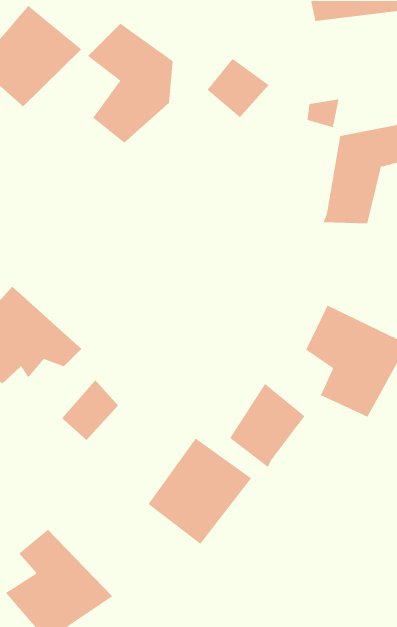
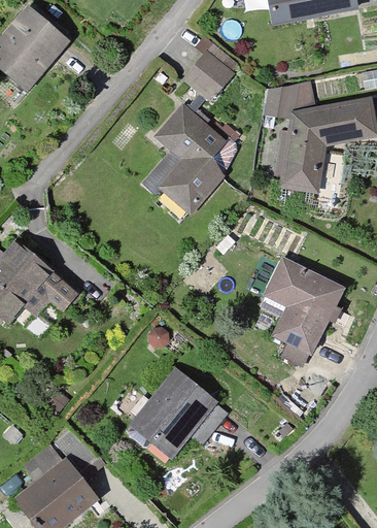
building: [87,23,173,144] -> [153,106,226,207]
building: [61,379,119,441] -> none
building: [229,383,306,468] -> none

